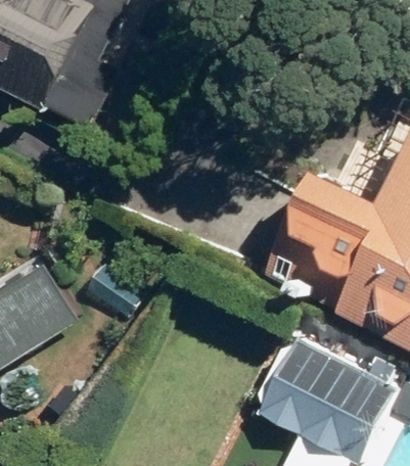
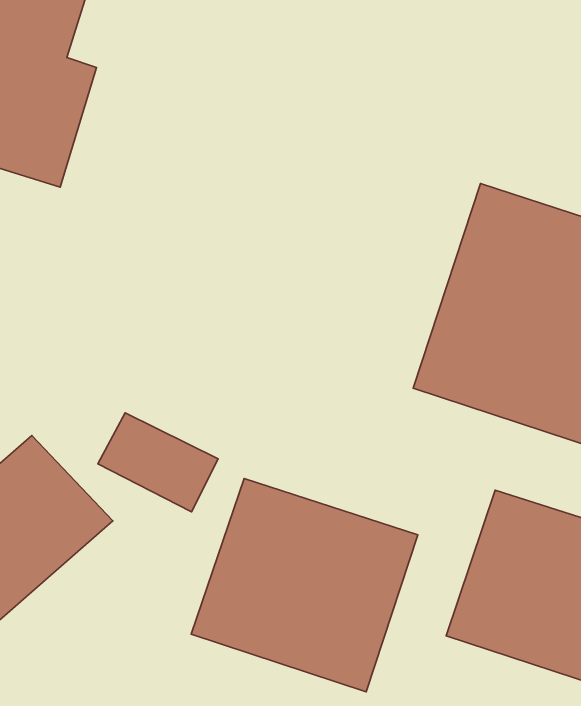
building: none -> [191,479,418,692]

